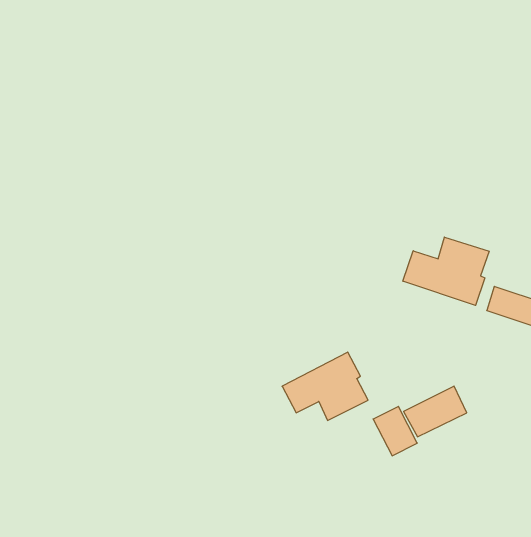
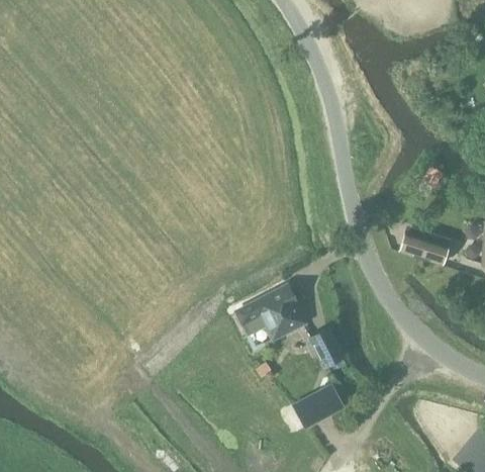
building: [403,237,489,305] -> none
building: [404,386,467,437] -> [294,383,345,423]

